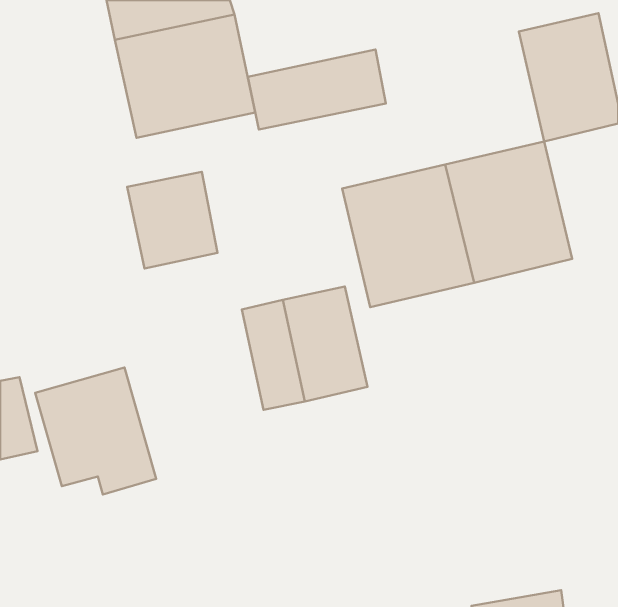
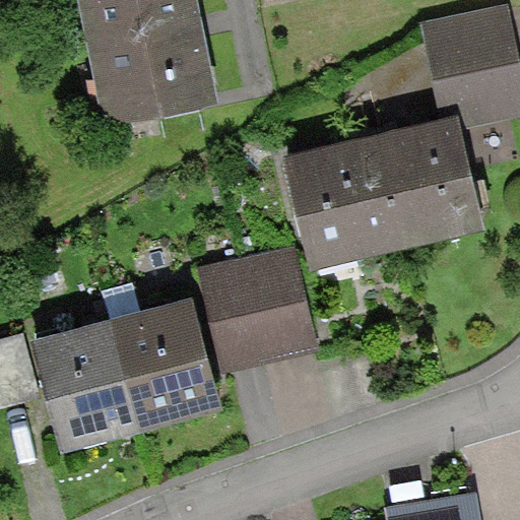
building: [248,49,386,129] -> none
building: [127,172,217,268] -> none
building: none -> [105,297,205,411]

